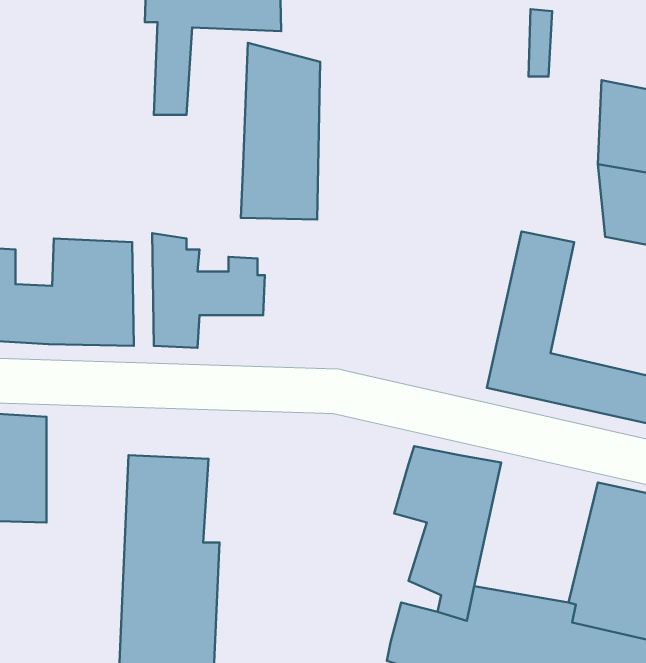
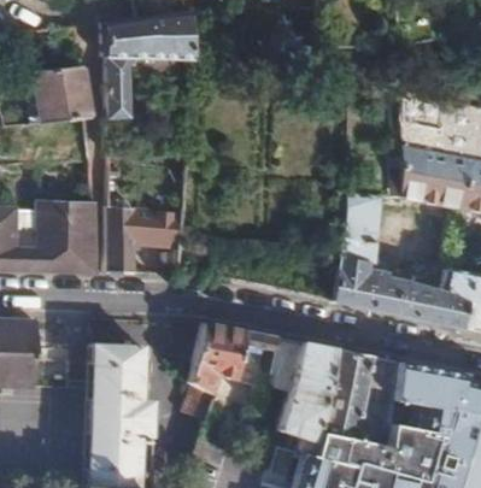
building: none -> [33,65,88,123]
building: [241,43,320,219] -> none
building: none -> [193,323,281,405]
building: none -> [321,348,403,441]

